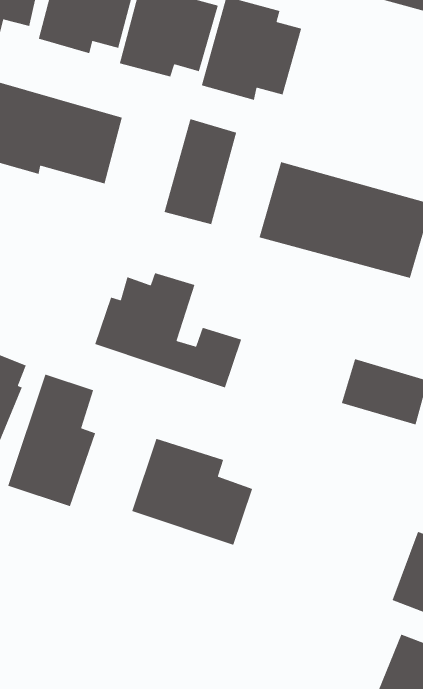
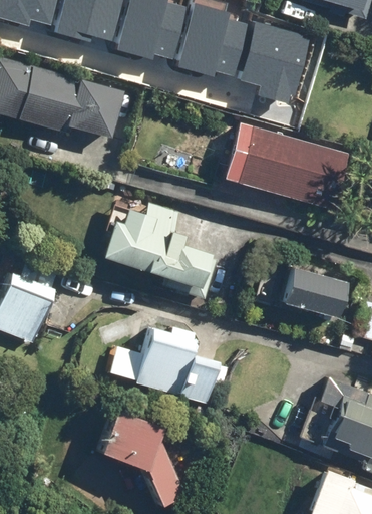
building: none -> [245,21,320,106]
building: [163,118,237,225] -> none
building: [7,373,96,507] -> none
building: none -> [95,408,181,503]

